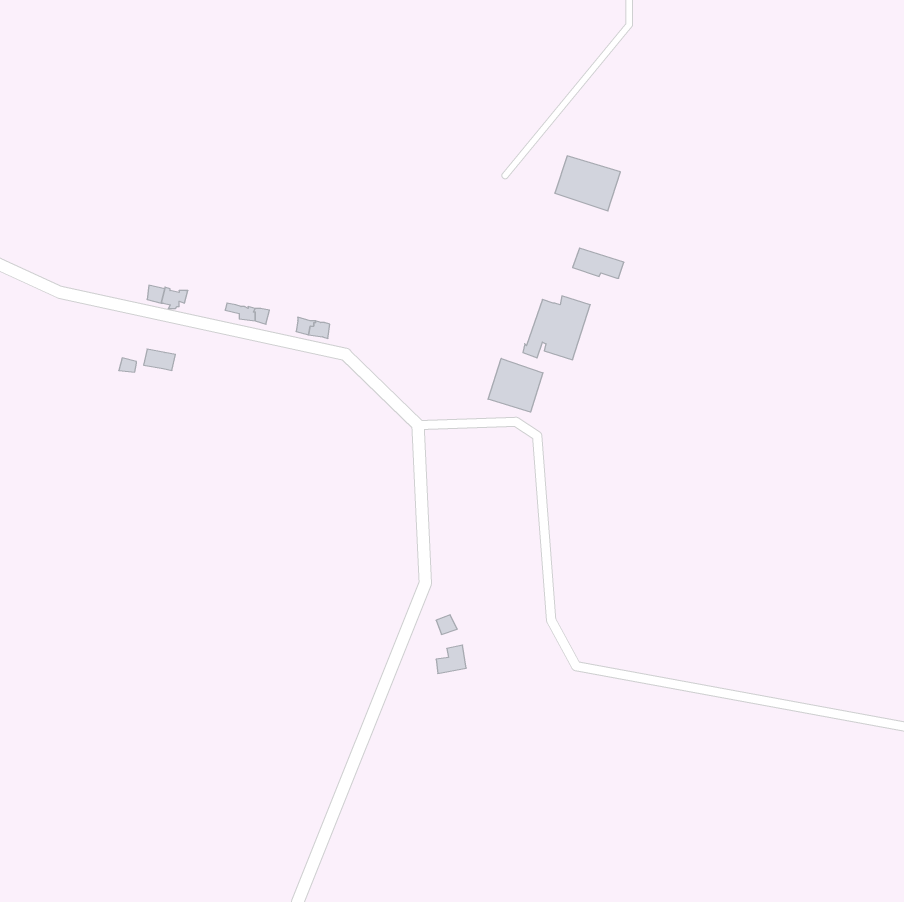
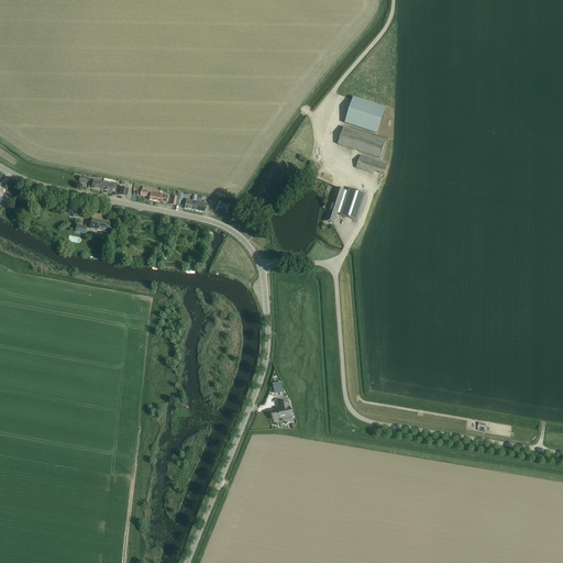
building: none -> [336,125,385,156]
building: [488,358,543,412] -> none

